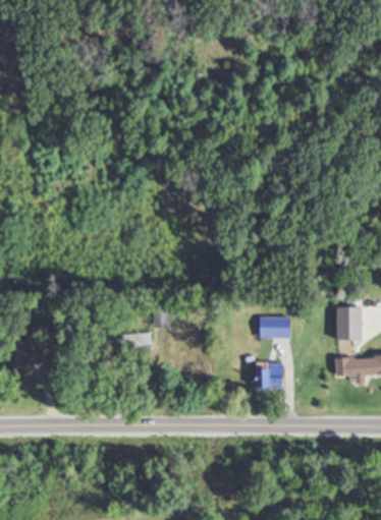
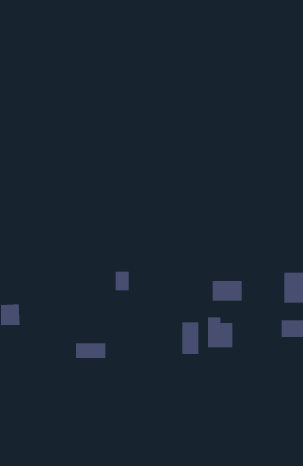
building: [117,333,151,350] -> [75,343,106,359]
building: none -> [182,321,199,355]

